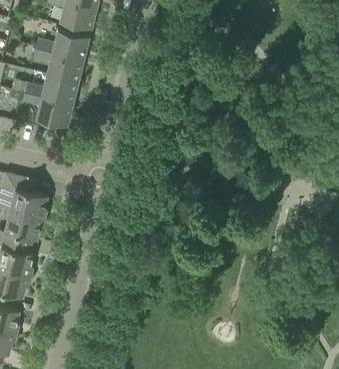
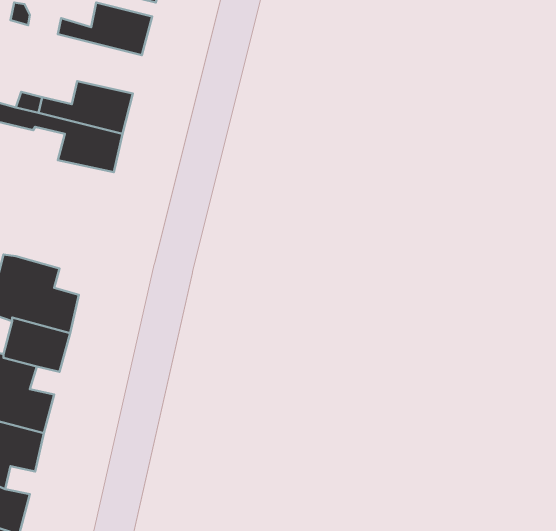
building: [34,48,84,82] -> none

